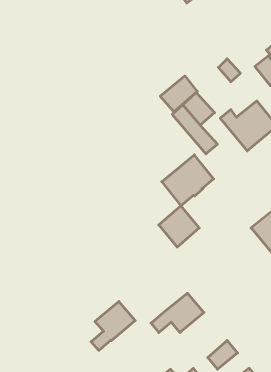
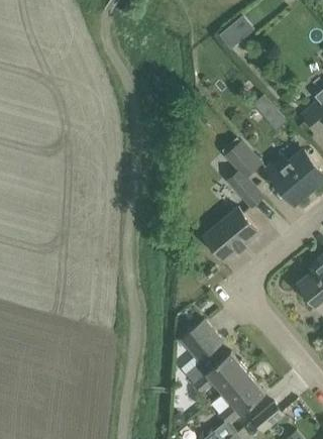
building: [160,76,197,112] -> none
building: [159,206,199,247] -> [181,320,223,363]
building: [91,301,135,350] -> [219,373,265,425]

